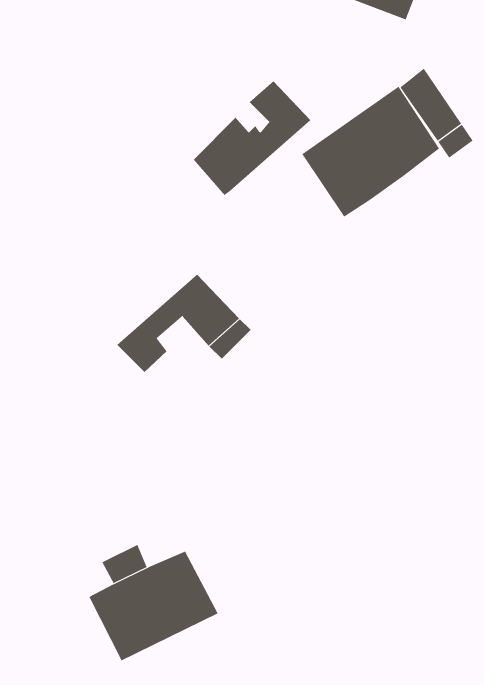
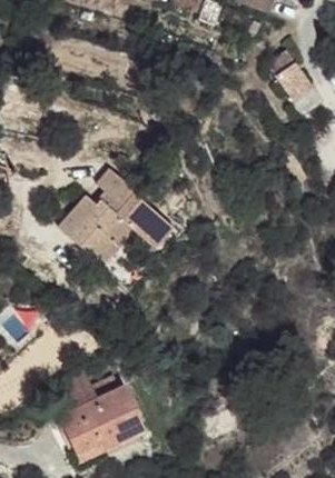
building: [193,81,311,196] -> [57,169,137,247]
building: [301,86,440,218] -> none

